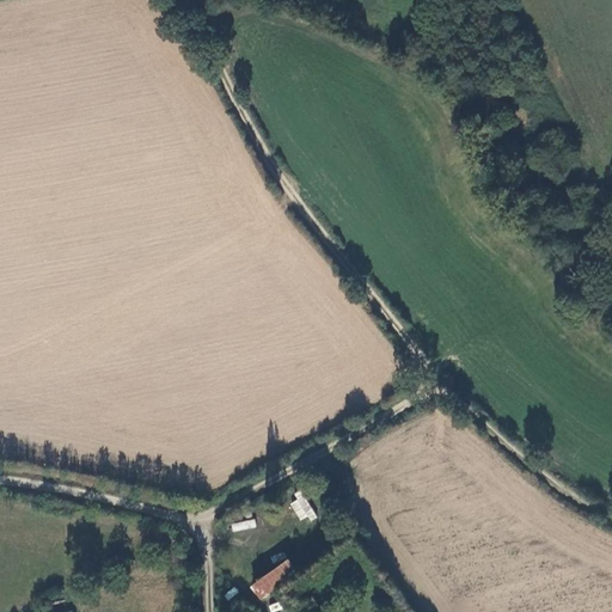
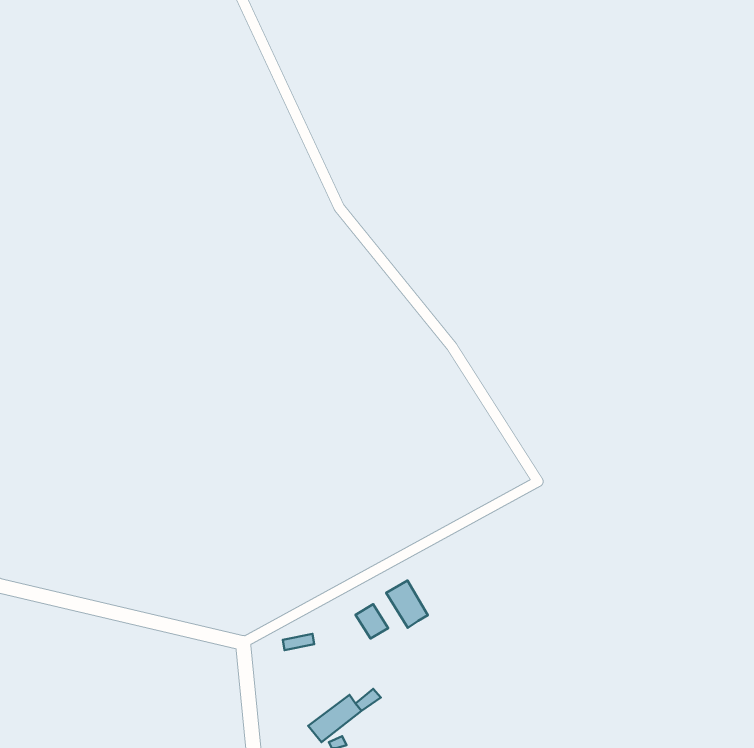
building: none -> [386,580,428,628]

